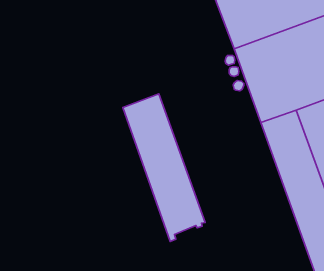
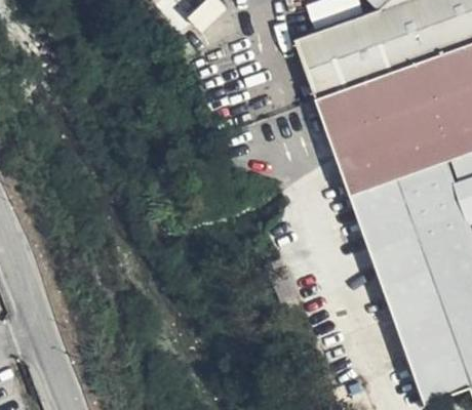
building: [123,94,205,241] -> none

